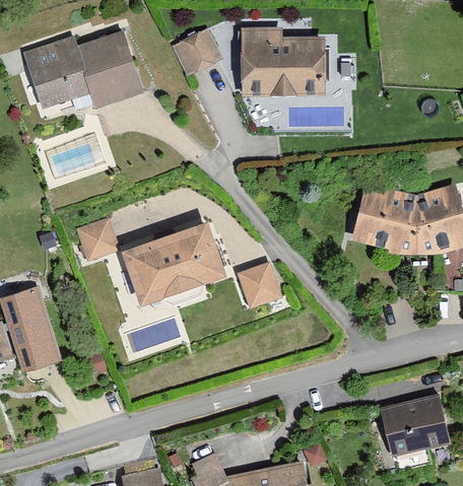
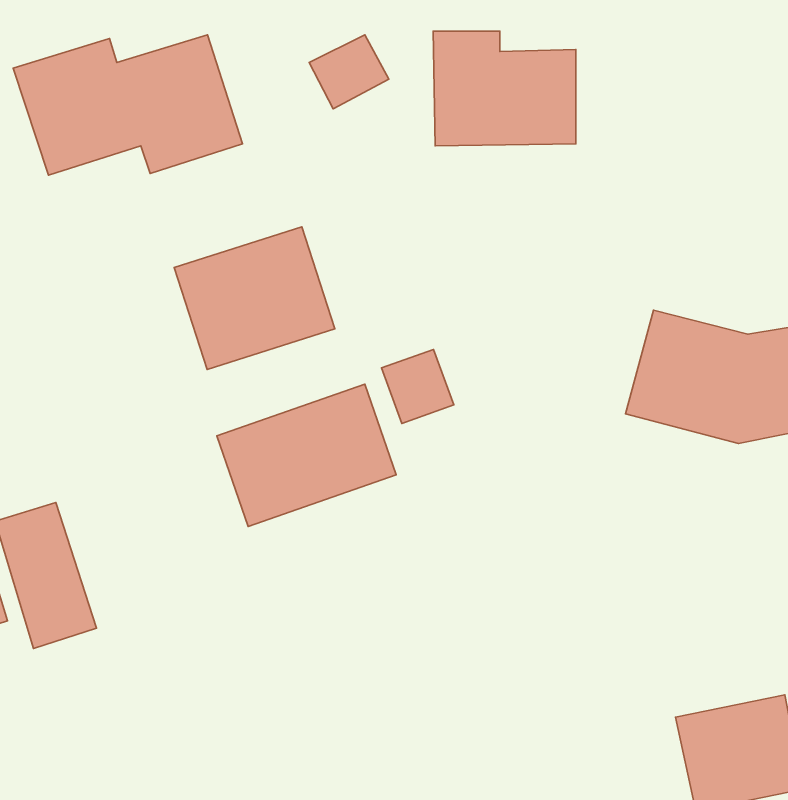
building: none -> [174,227,335,370]
building: [79,219,119,261] -> none
building: [242,265,281,305] -> [382,349,454,423]

